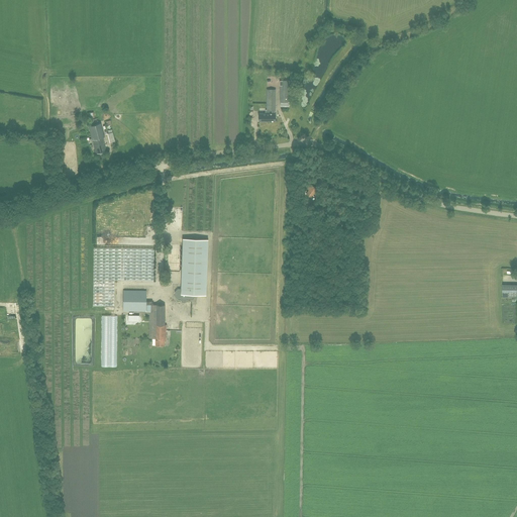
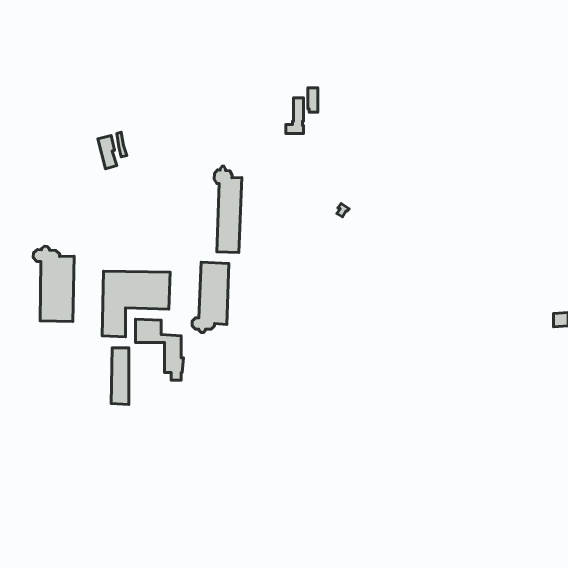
building: none -> [214,166,242,253]
building: none -> [33,246,74,321]

